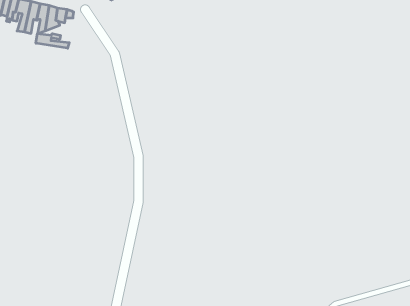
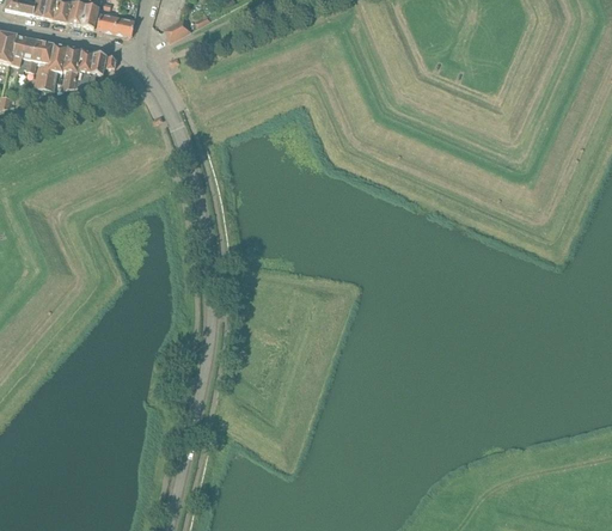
building: [36,33,69,48] -> none

